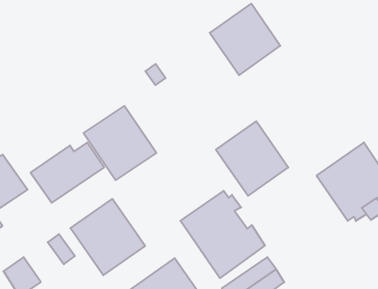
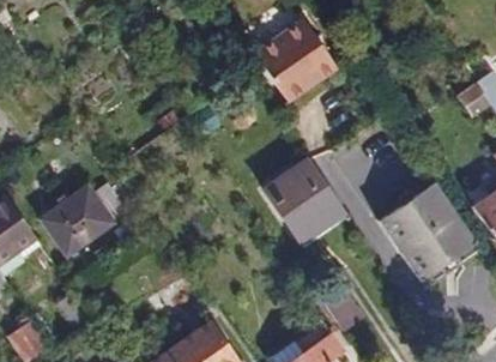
building: [84,106,156,180] -> none
building: [180,191,265,278] -> none
building: [70,199,145,275] -> none

